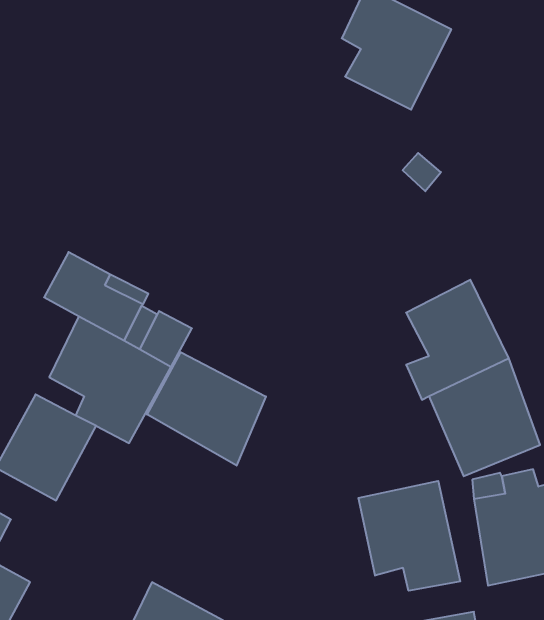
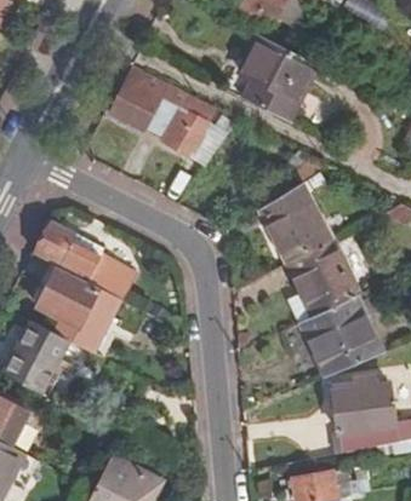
building: none -> [113,68,216,154]
building: none -> [258,183,333,263]
building: [147,352,266,466] -> none
building: [358,481,460,591] -> none

